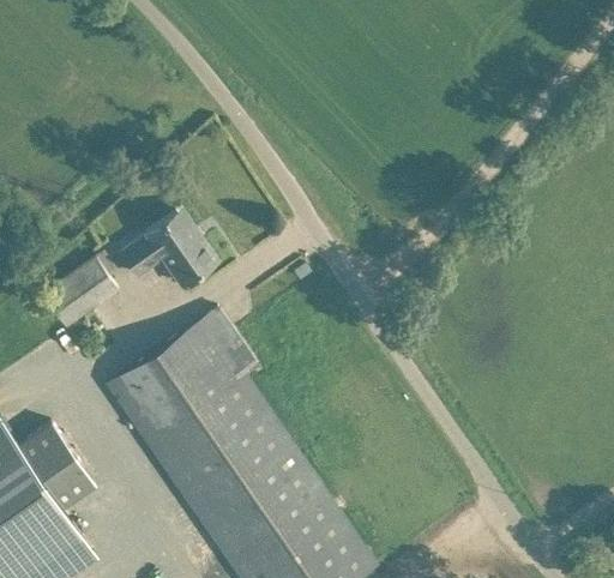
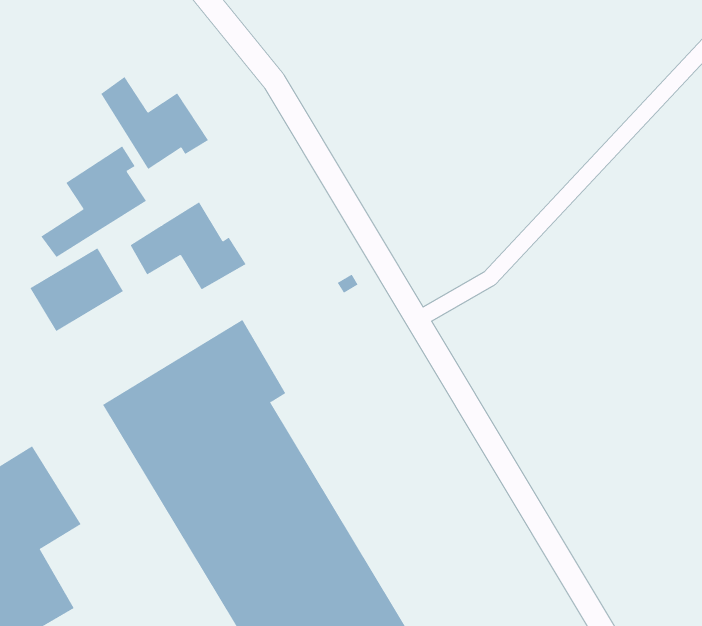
building: none -> [100,76,209,170]
building: none -> [41,145,147,258]

